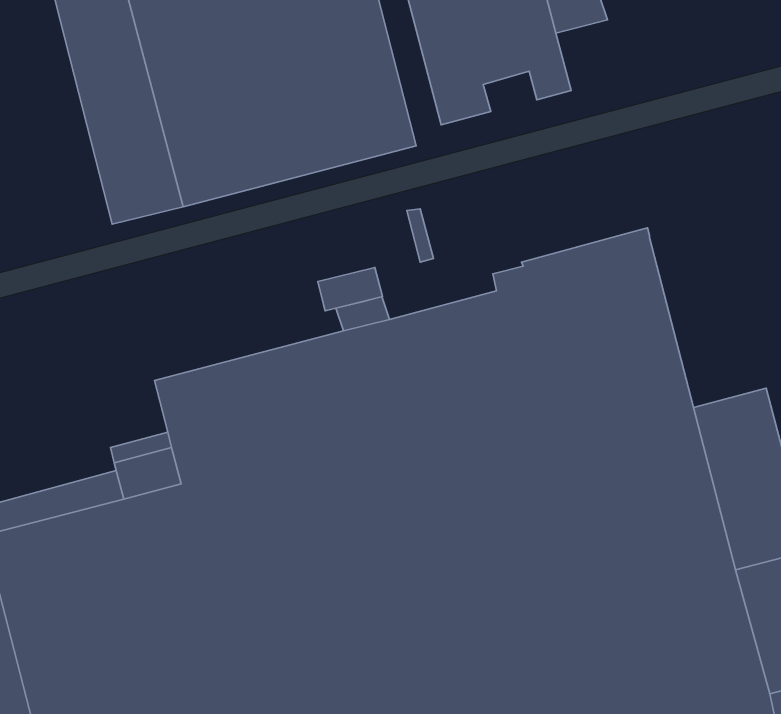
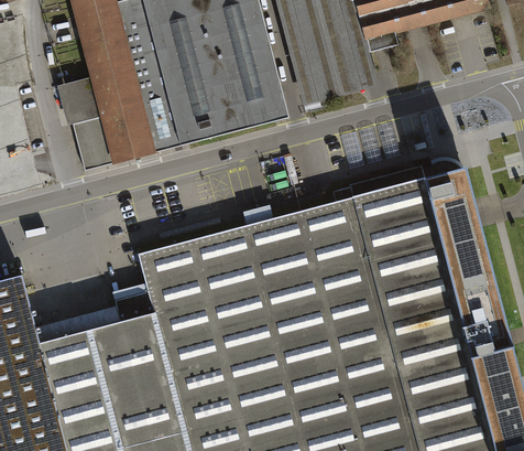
building: none -> [326,75,357,98]
building: none -> [62,77,112,171]
building: none -> [422,162,489,269]
building: [318,267,382,311] -> none

